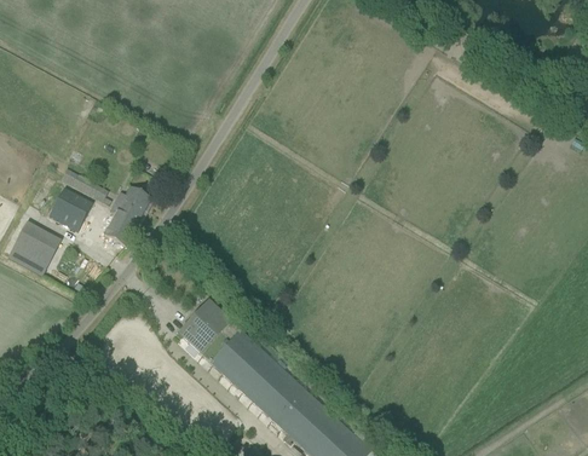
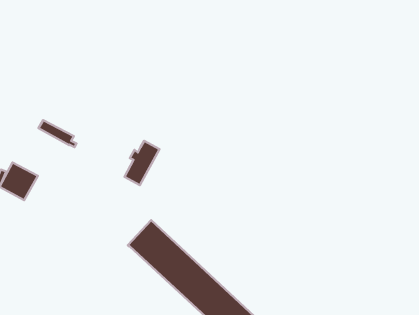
building: [103,185,150,244] -> [124,141,160,185]
building: [48,194,93,231] -> none

